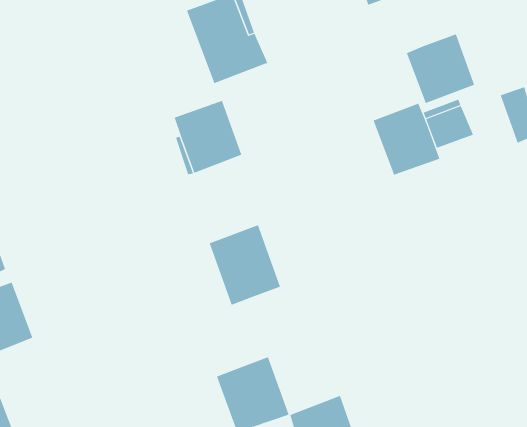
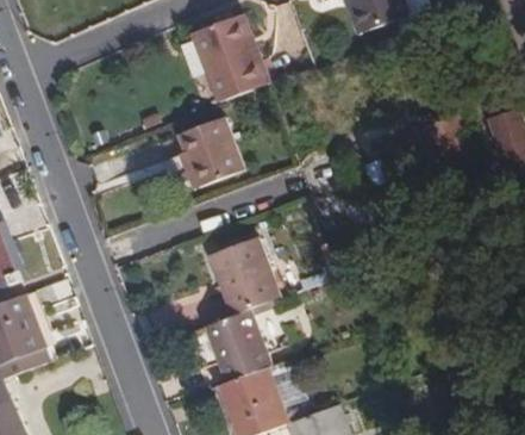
building: [406,33,475,104] -> none
building: [373,103,440,176] -> none
building: none -> [208,310,273,381]

